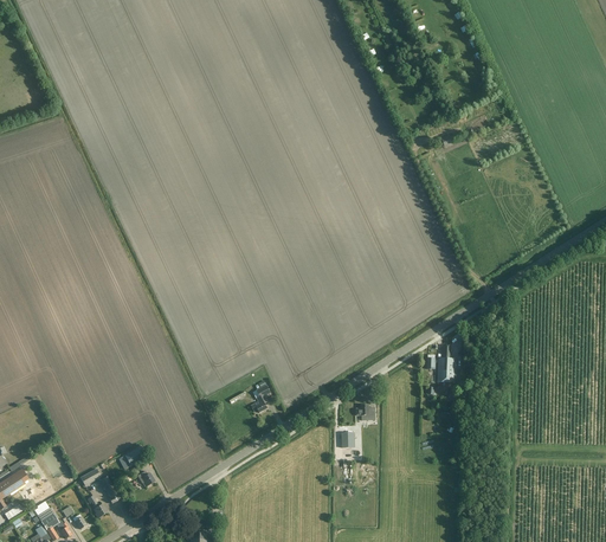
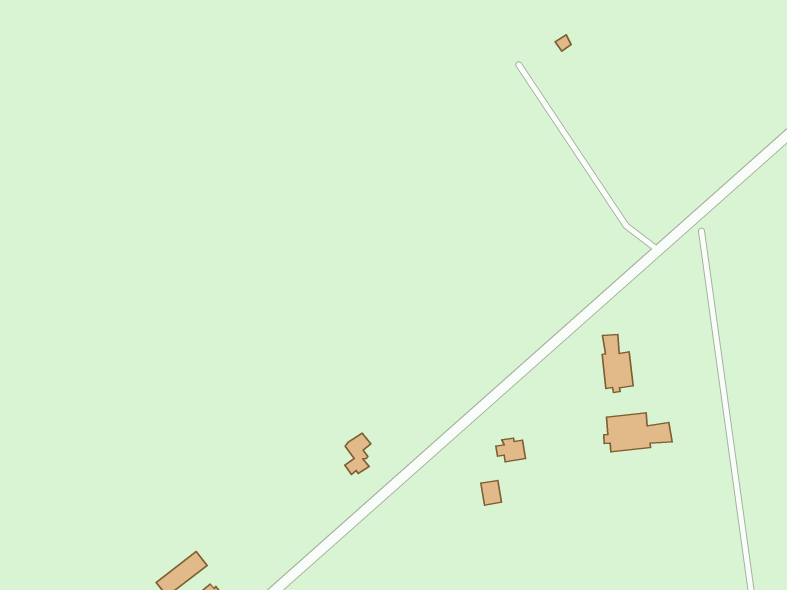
building: none -> [604,413,672,452]

